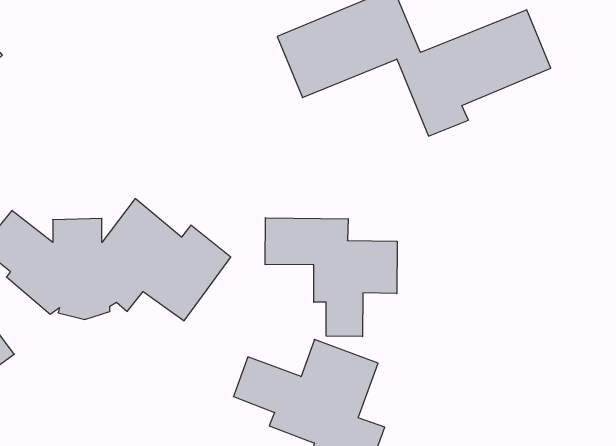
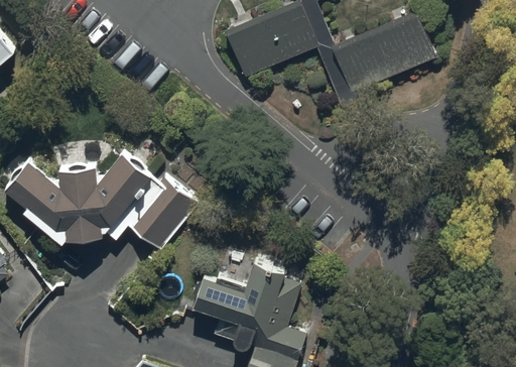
building: [265,218,397,337] -> none

